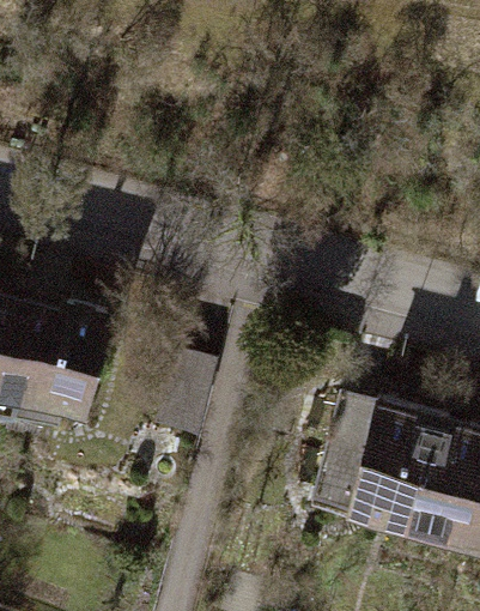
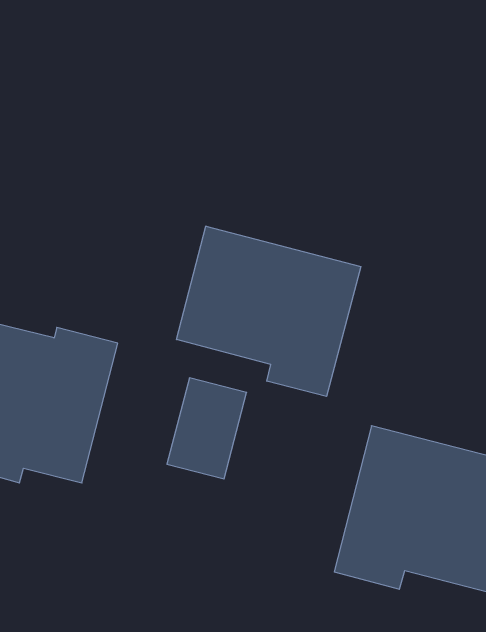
building: none -> [177,226,361,396]

